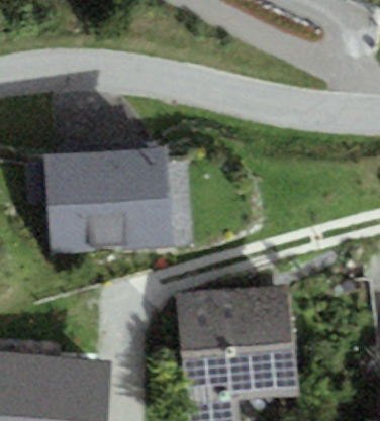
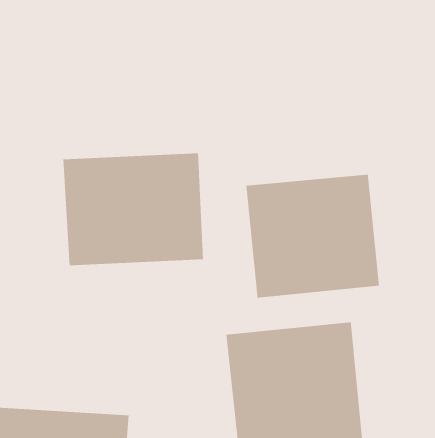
building: none -> [246,174,380,299]

